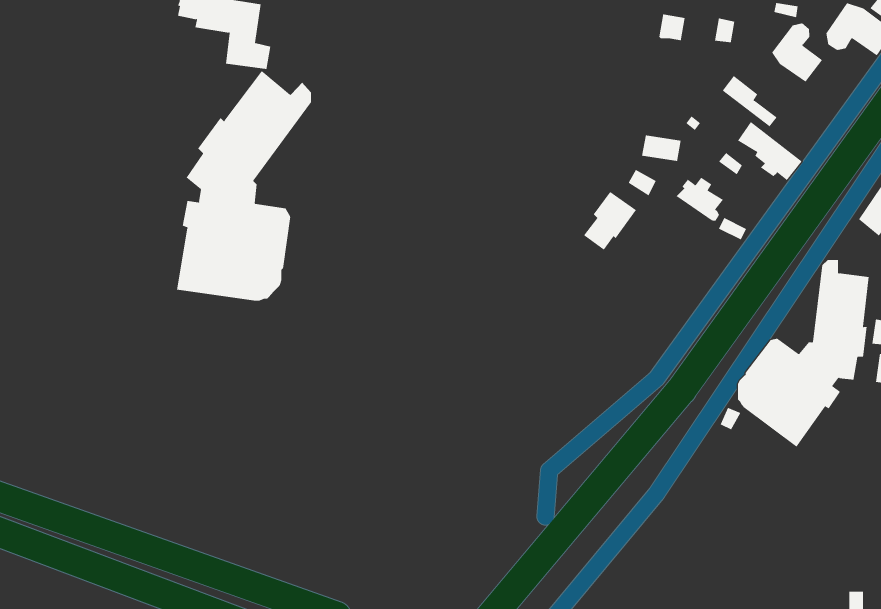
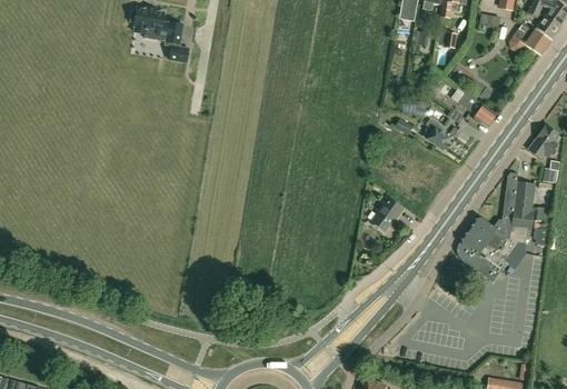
building: [771,22,823,83] -> none
building: [176,70,312,301] -> none
building: [583,191,637,251] -> [372,197,404,231]

